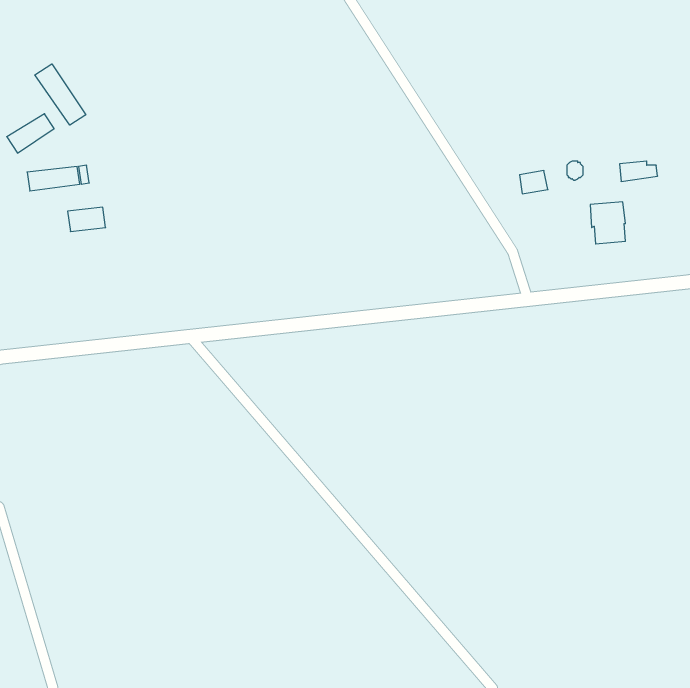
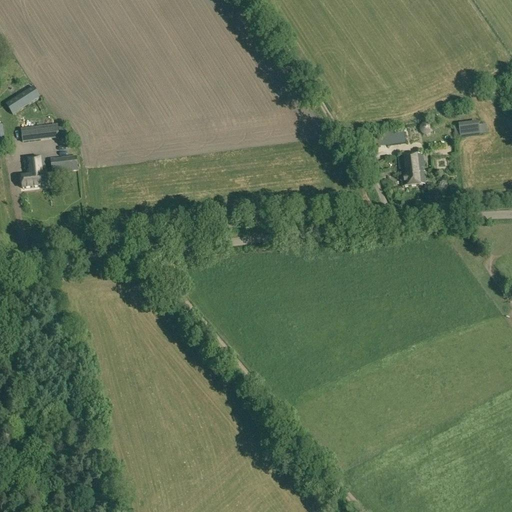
building: [35,64,86,125] -> none
building: [590,202,625,244] -> [398,153,424,184]
building: none -> [21,158,47,186]

